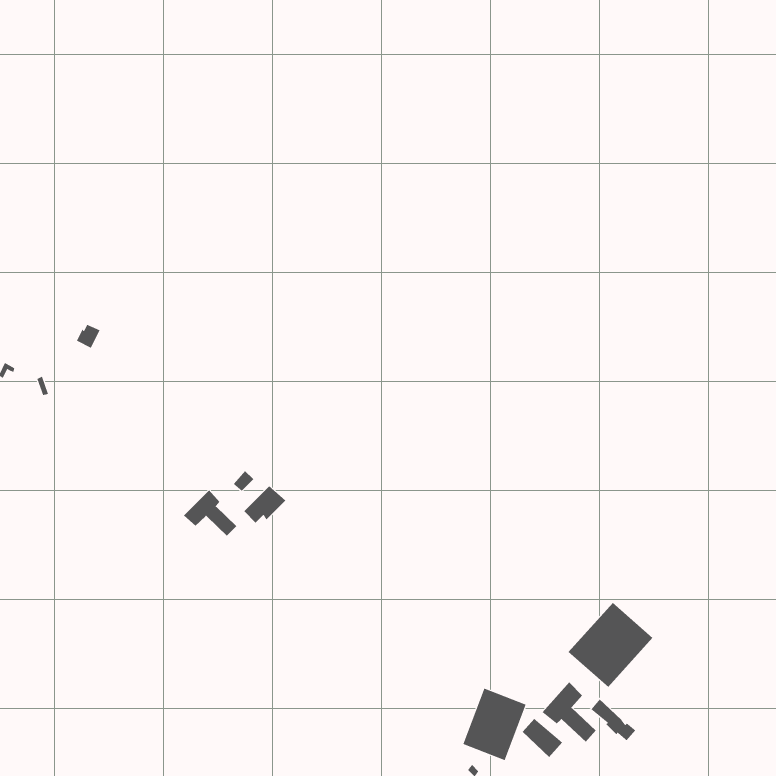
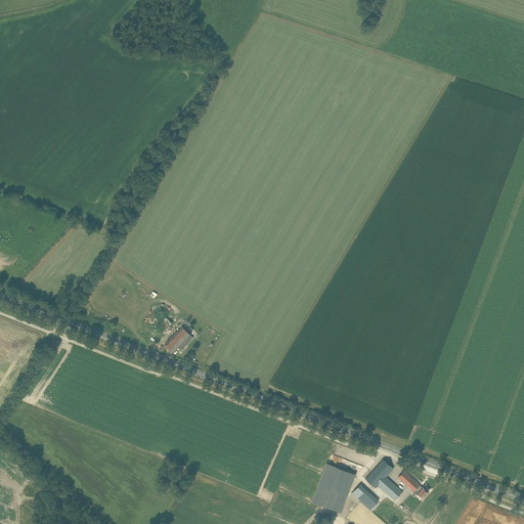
building: [183,489,237,536] -> none
building: [568,602,653,688] -> none

